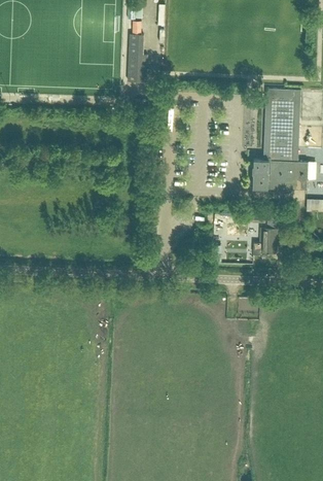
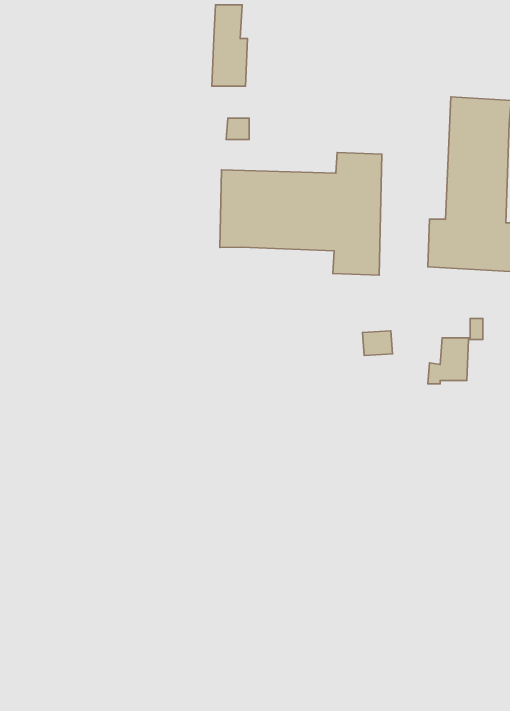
building: none -> [220,153,382,275]

